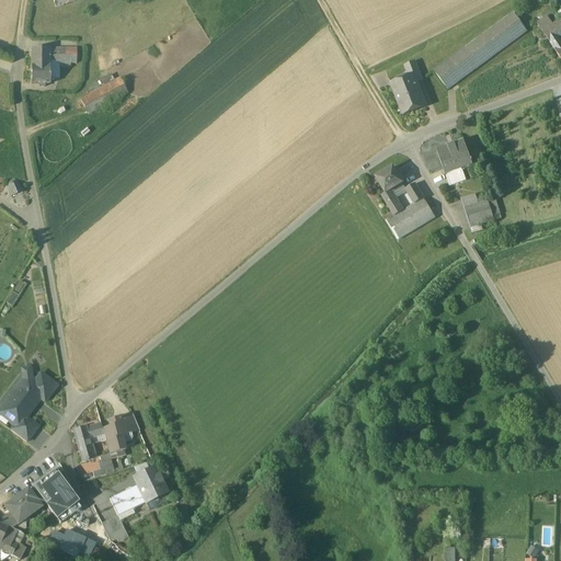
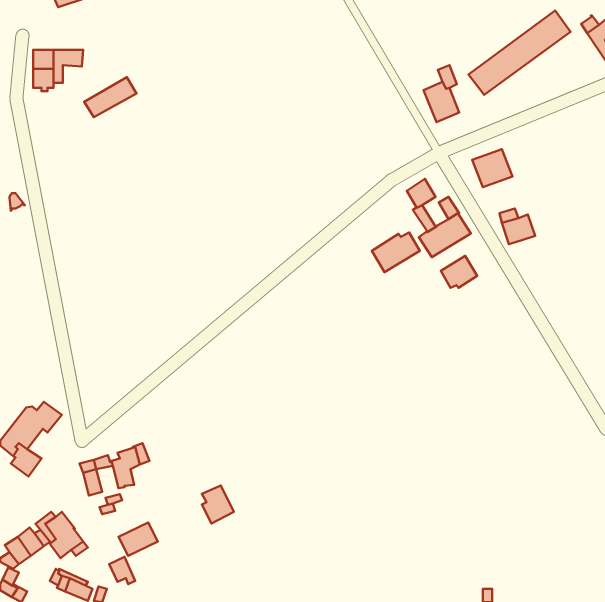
building: none -> [372,232,420,272]
building: none -> [441,256,477,288]
building: [138,466,168,501] -> [202,486,234,524]

